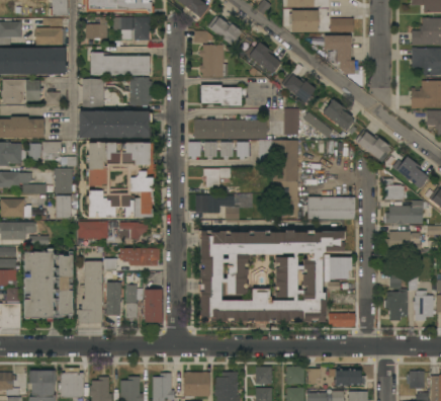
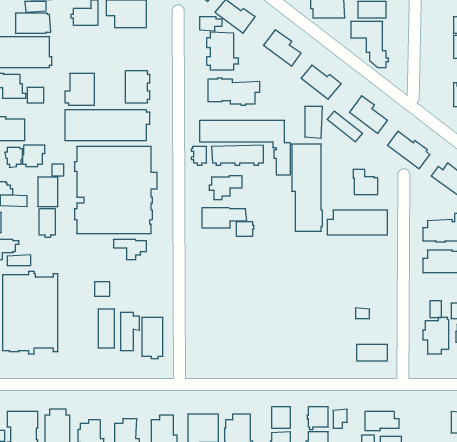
building: [91,53,150,75] -> none
building: [383,179,405,200] -> [353,170,378,194]
building: [78,222,108,240] -> none
building: [200,231,346,323] -> none
building: [120,248,160,266] -> none
building: [326,256,352,279] -> none
building: [79,261,102,323] -> none

